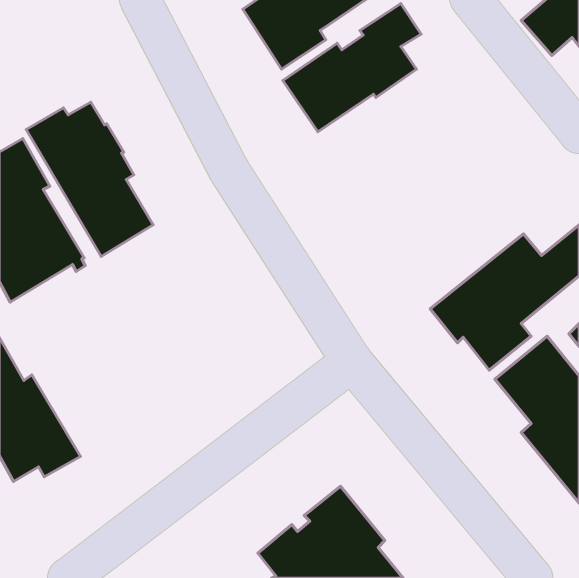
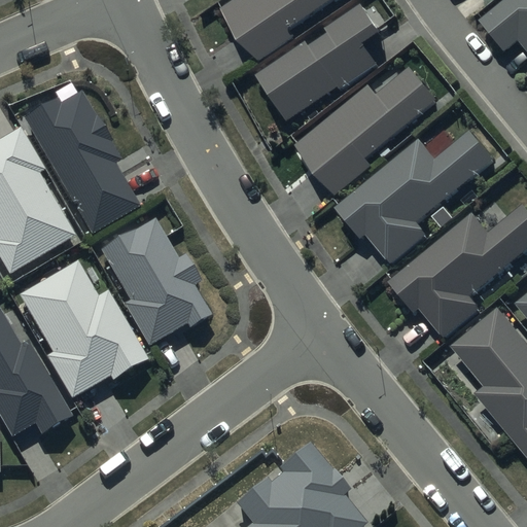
building: none -> [296,66,440,192]
building: none -> [336,130,495,262]
building: none -> [100,217,211,344]
building: none -> [20,259,147,397]

